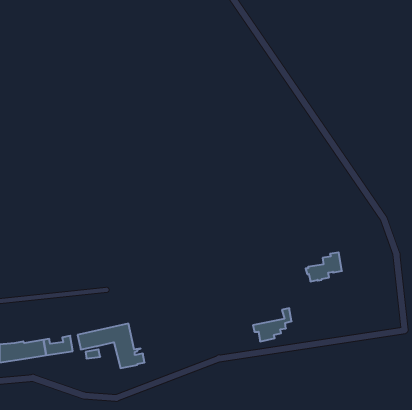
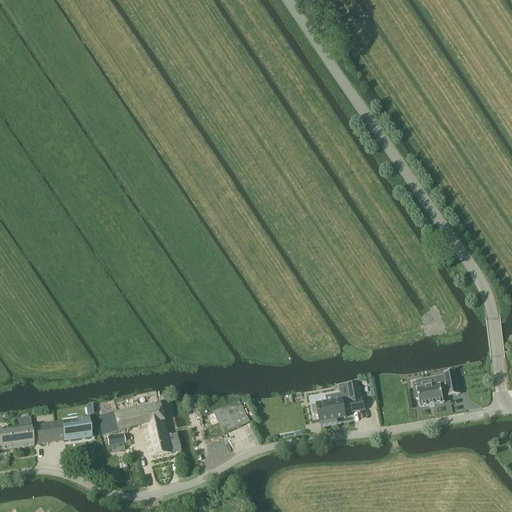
building: [306,252,342,281] -> [413,369,458,405]
building: none -> [213,398,249,433]

